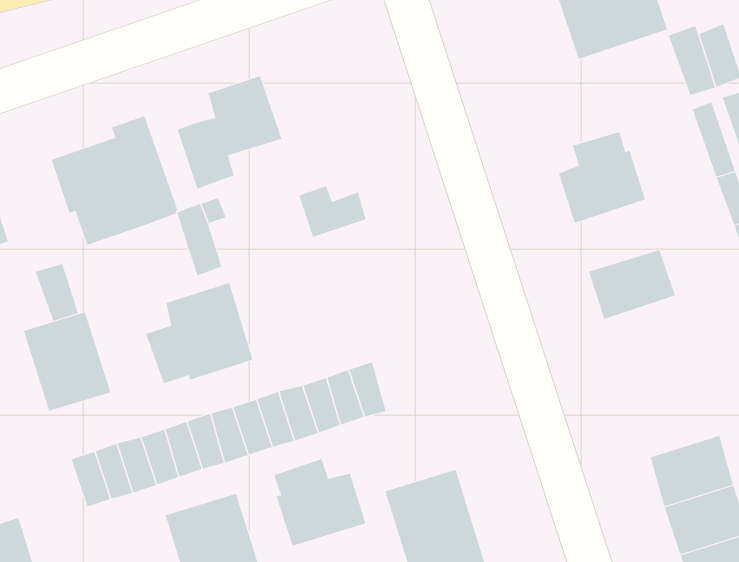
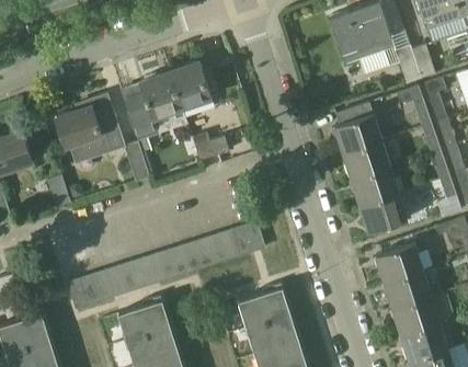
building: none -> [171,62,215,118]
building: none -> [343,140,390,180]
building: [146,282,253,384] -> none
building: none -> [359,193,408,232]
building: [23,312,111,412] -> none
building: none -> [232,221,266,256]
building: none -> [376,243,423,282]
building: [274,458,366,547] -> none

